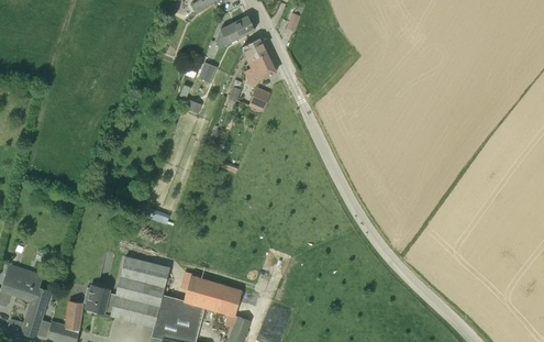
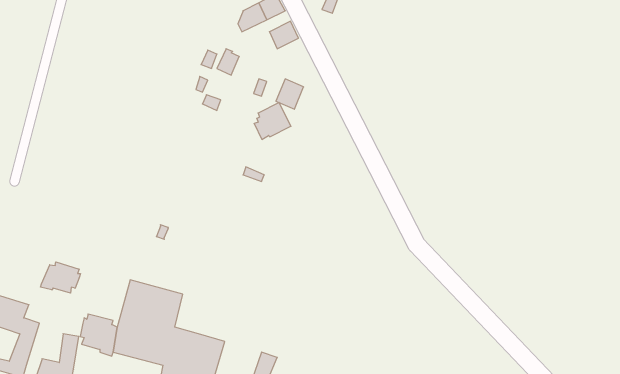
building: [245,53,276,84] -> [254,103,291,139]
building: none -> [41,262,80,293]
building: [182,275,241,316] -> none

